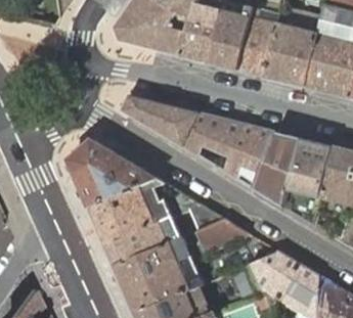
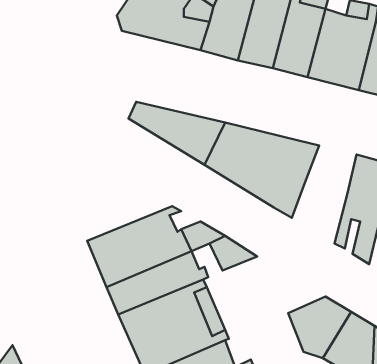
building: [253,131,304,209] -> none
building: [69,139,158,207] -> none
building: [197,219,249,251] -> none

